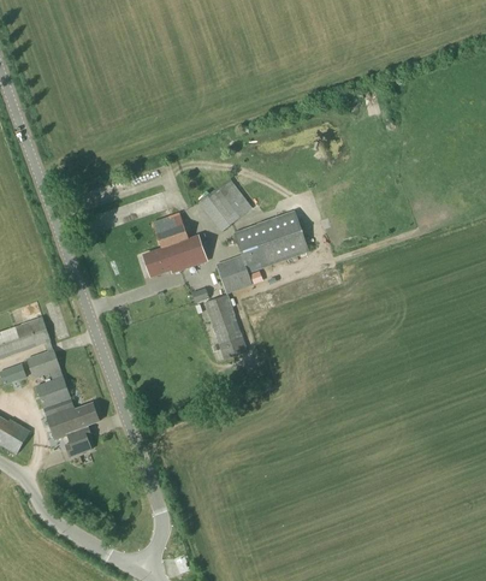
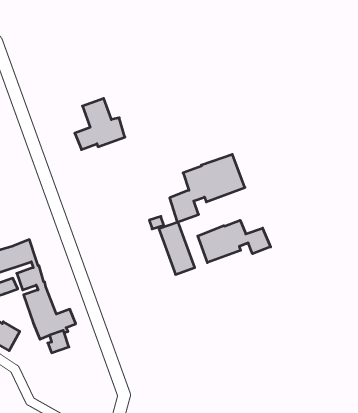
building: [197,177,251,231] -> none
building: [142,212,205,275] -> [75,98,125,150]
building: none -> [198,220,271,263]

